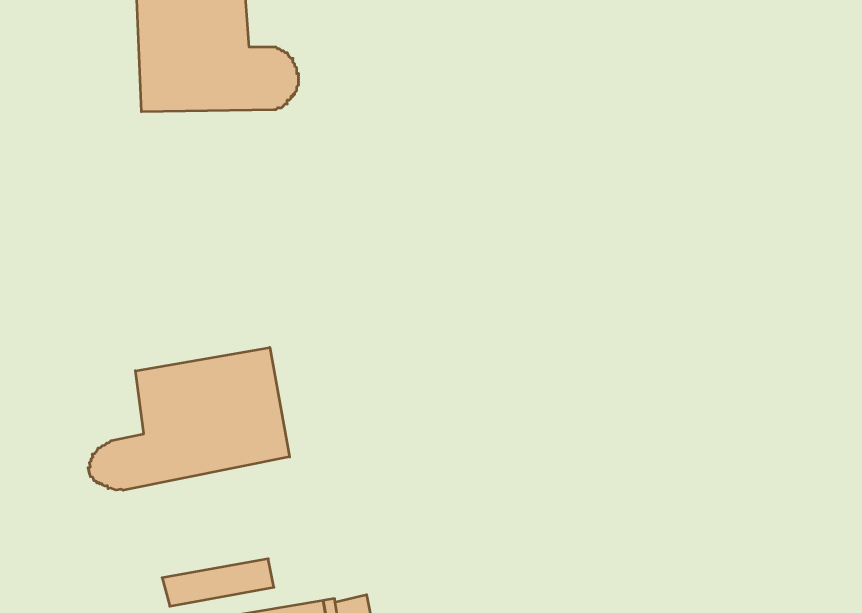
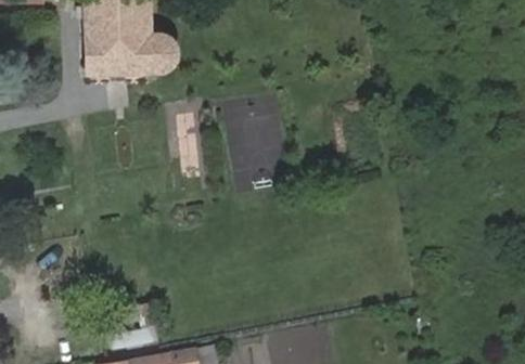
building: [88,347,290,490] -> none

